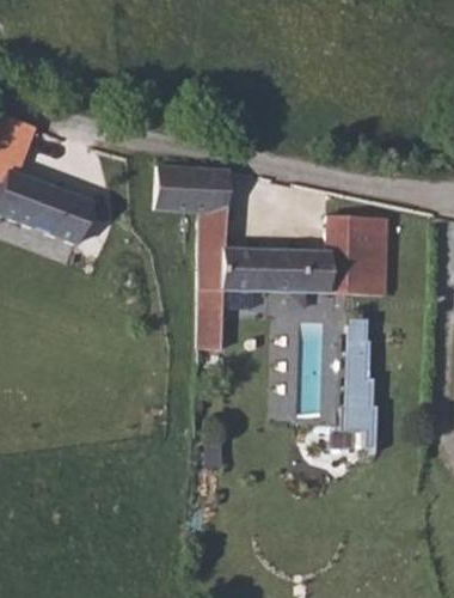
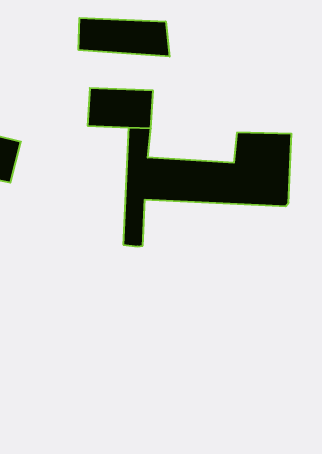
building: none -> [79,18,170,57]
building: [340,318,372,450] -> none

